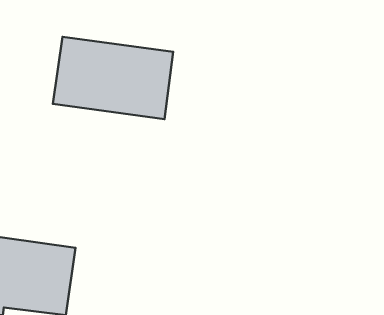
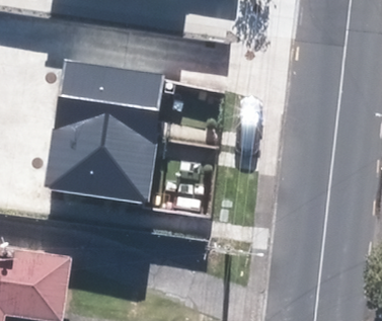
building: none -> [44,123,157,204]

